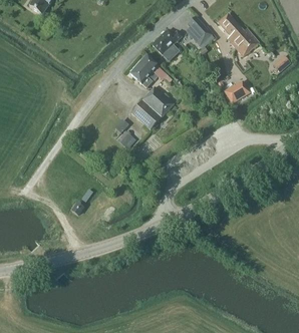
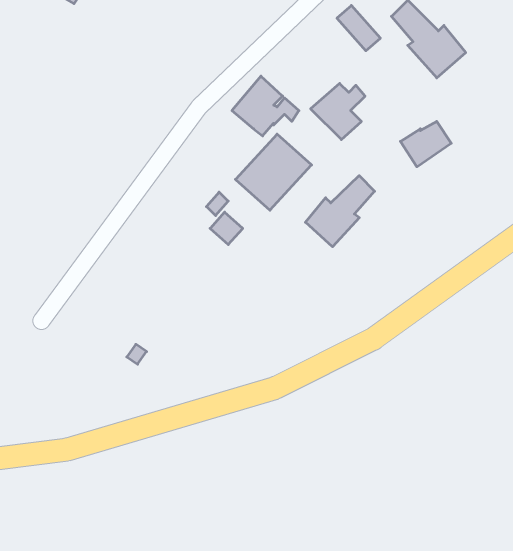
building: [152,30,182,61] -> [311,83,365,140]
building: none -> [305,176,375,247]

